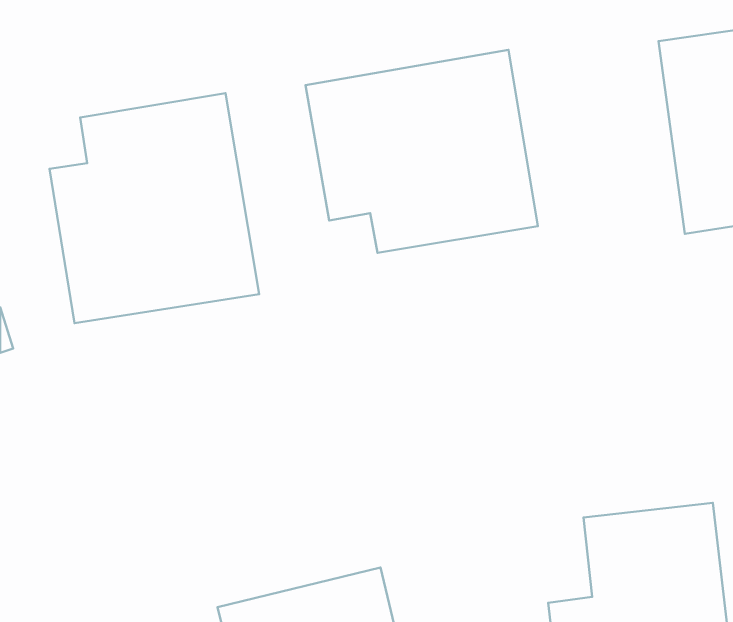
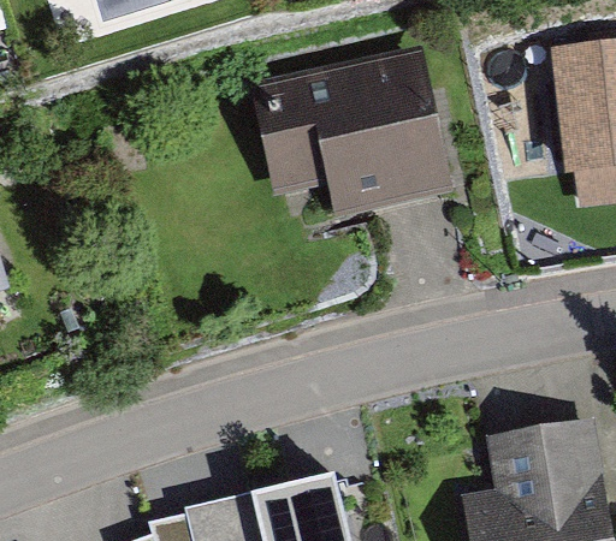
building: [50,93,259,323] -> none

